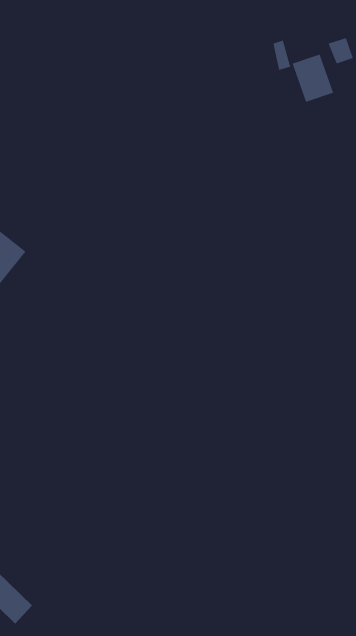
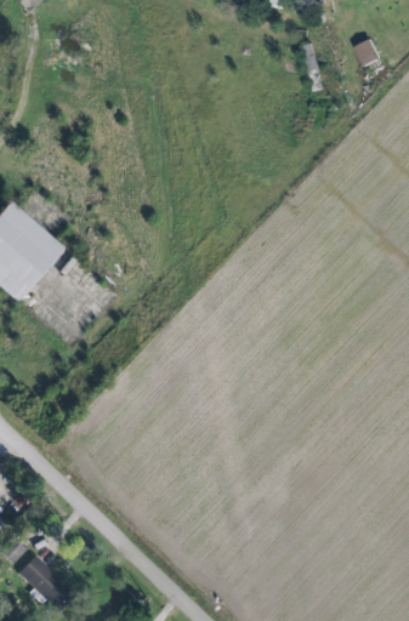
building: [291,53,334,103] -> none

